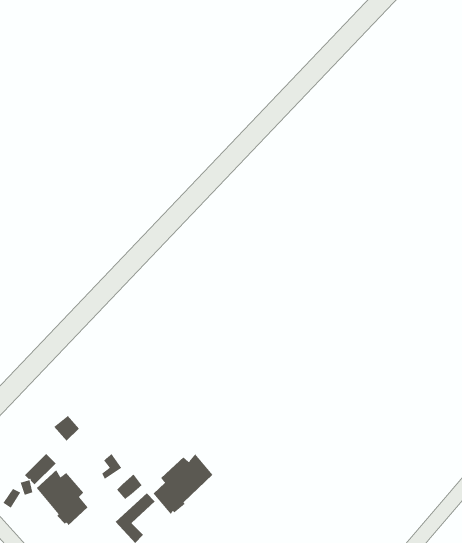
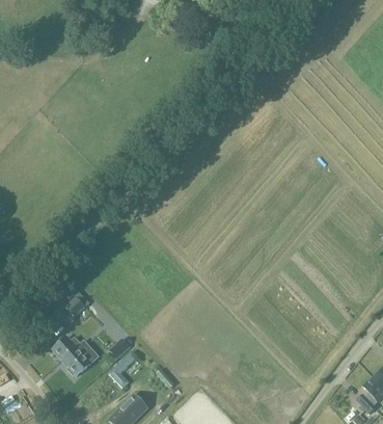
building: [153,454,213,515] -> none

